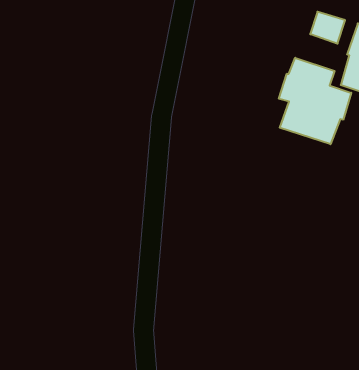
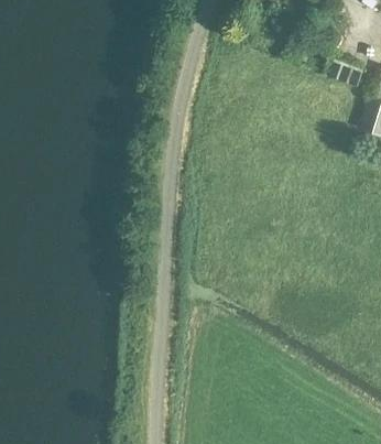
building: [279,58,351,144] -> none

